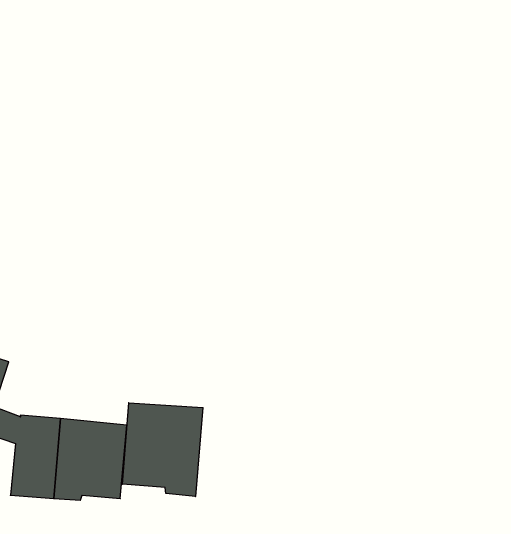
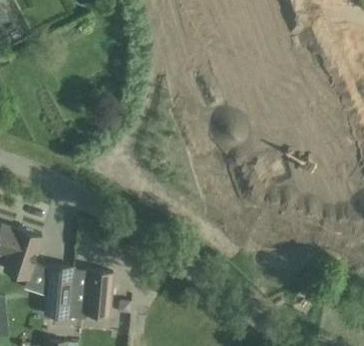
building: [123,403,203,497] -> none

